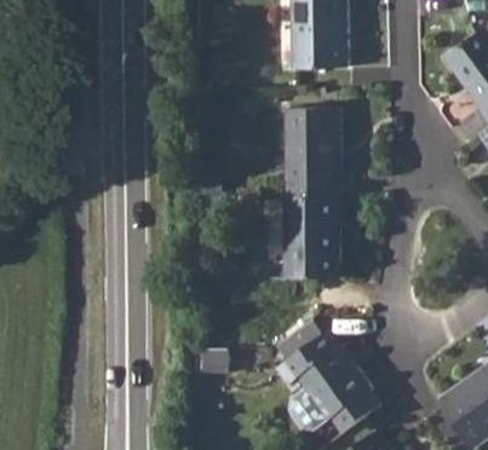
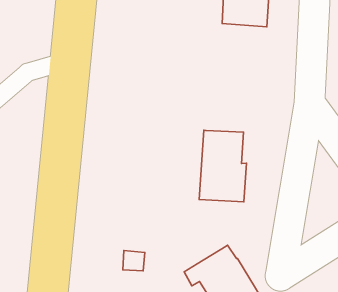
building: [283,108,346,198] -> none

